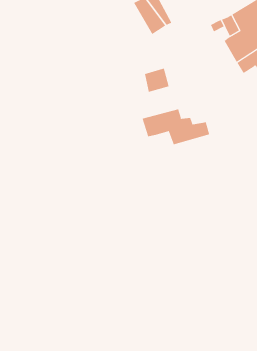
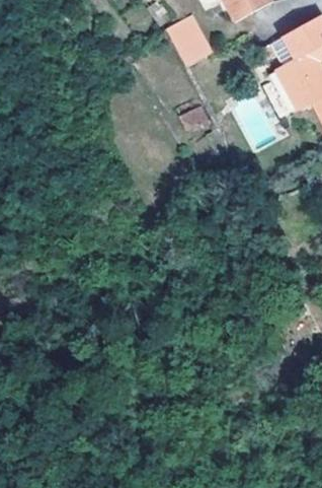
building: [142,108,210,145] -> none

